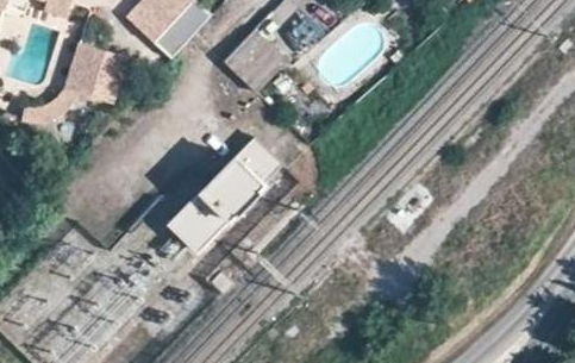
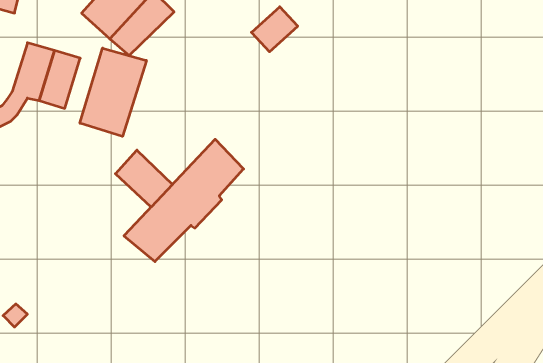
building: [224,30,285,90] -> none
building: none -> [80,48,146,136]
building: none -> [115,150,173,207]

